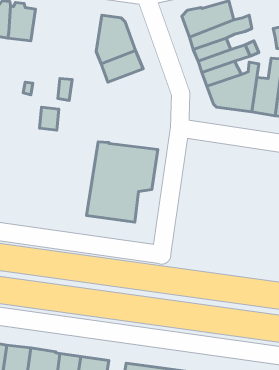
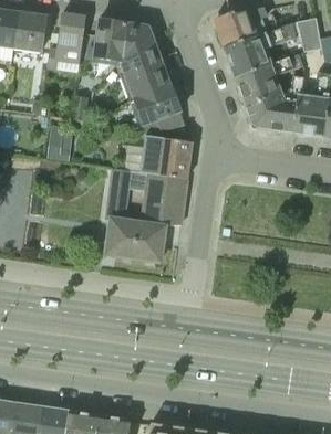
building: none -> [48,13,86,72]
building: none -> [297,17,322,51]
building: none -> [93,19,123,64]
building: none -> [130,84,185,131]
building: none -> [141,135,192,177]

